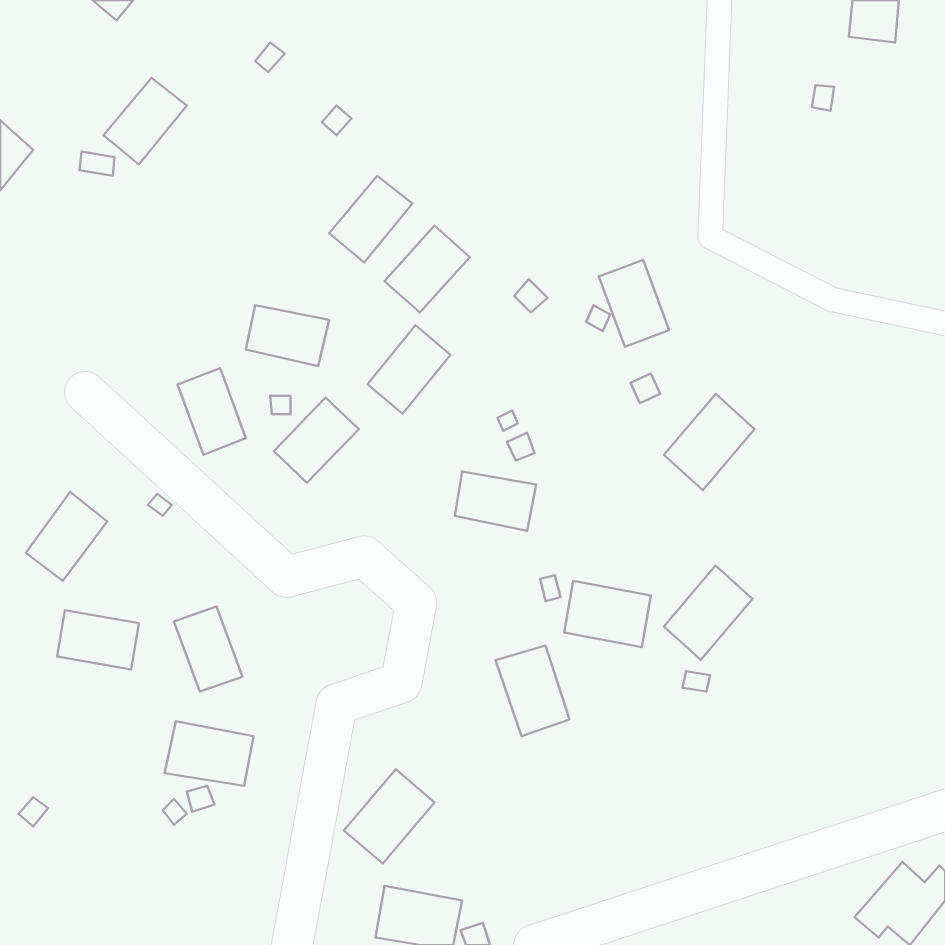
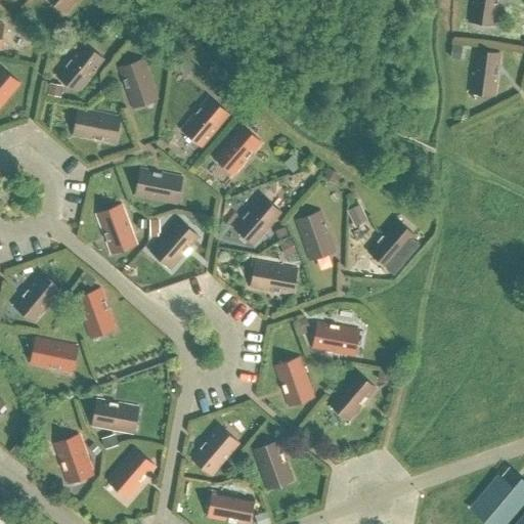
building: none -> [470,50,501,95]
building: none -> [120,59,158,106]
building: none -> [74,108,120,142]
building: [599,260,669,347] -> [297,212,336,260]
building: [367,325,451,414] -> [234,195,280,245]
building: [664,565,753,660] -> [329,370,378,423]
building: [174,607,242,692] -> [77,289,115,336]
building: none -> [53,434,95,485]
building: none -> [253,440,294,491]
building: none -> [106,448,158,500]

